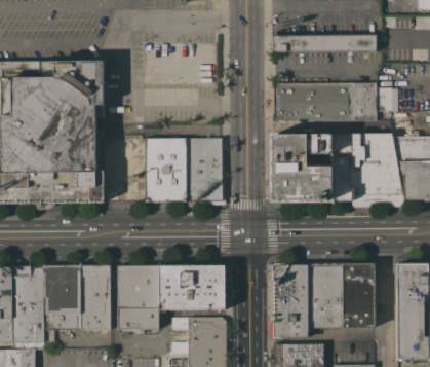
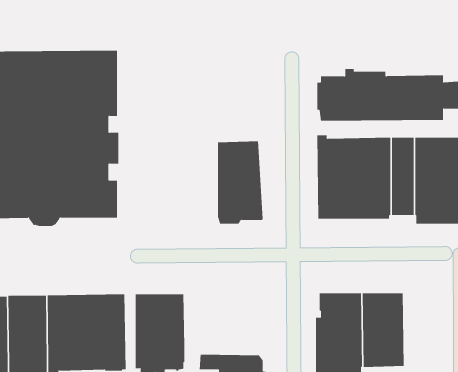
building: [272,34,376,50] -> none
building: [146,138,187,201] -> none
building: [159,264,228,309] -> none
building: [343,264,375,326] -> none

